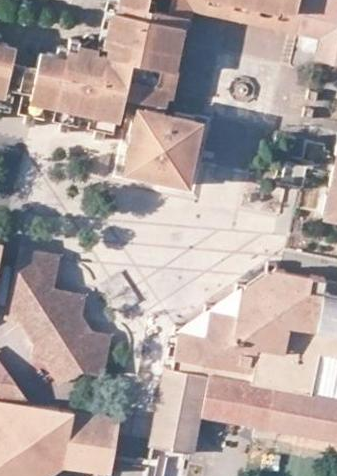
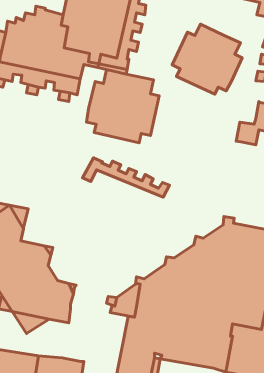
building: none -> [172,24,242,94]
building: none -> [83,158,169,197]

